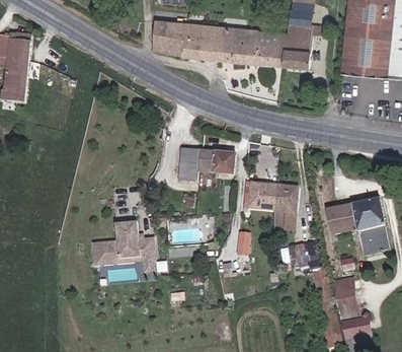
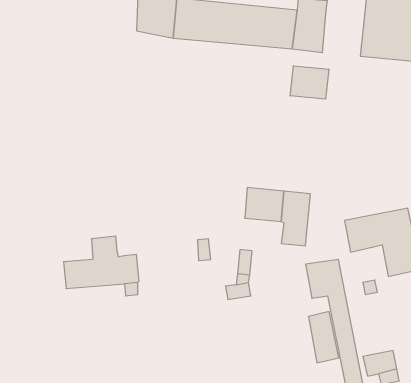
building: none -> [290,66,329,99]
building: [178,147,235,181] -> none
building: [334,277,359,320] -> [308,312,339,363]

